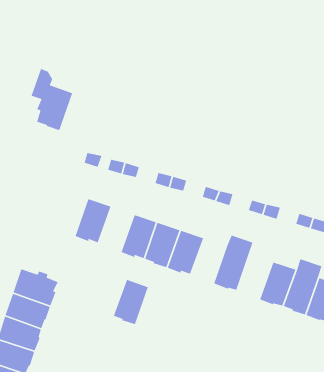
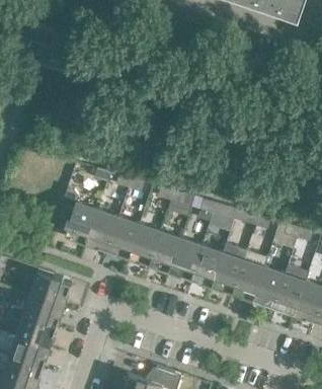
building: [30,68,73,131] -> [60,187,98,244]
building: none -> [190,245,223,287]
building: none -> [232,249,267,301]
building: [113,279,149,325] -> [107,217,140,258]

